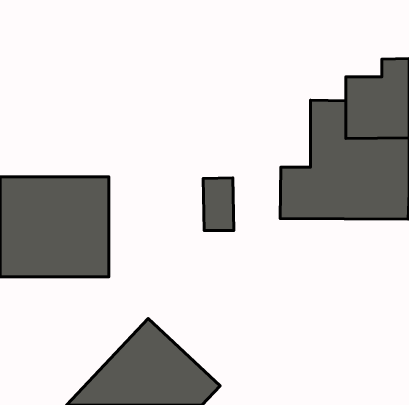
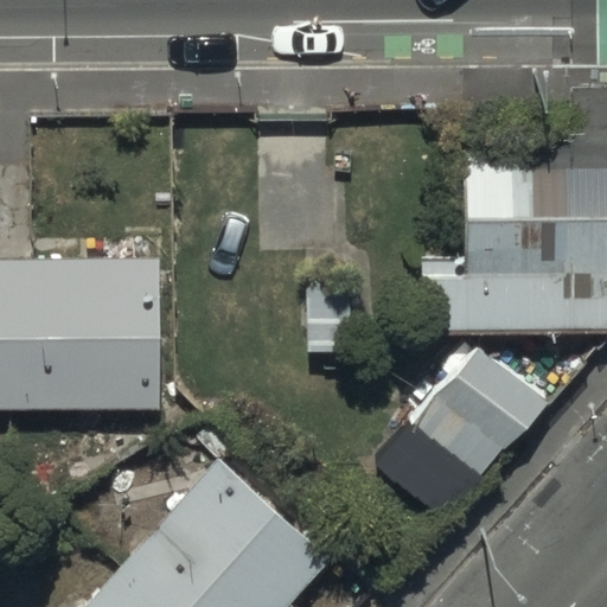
building: none -> [408,364,536,494]

